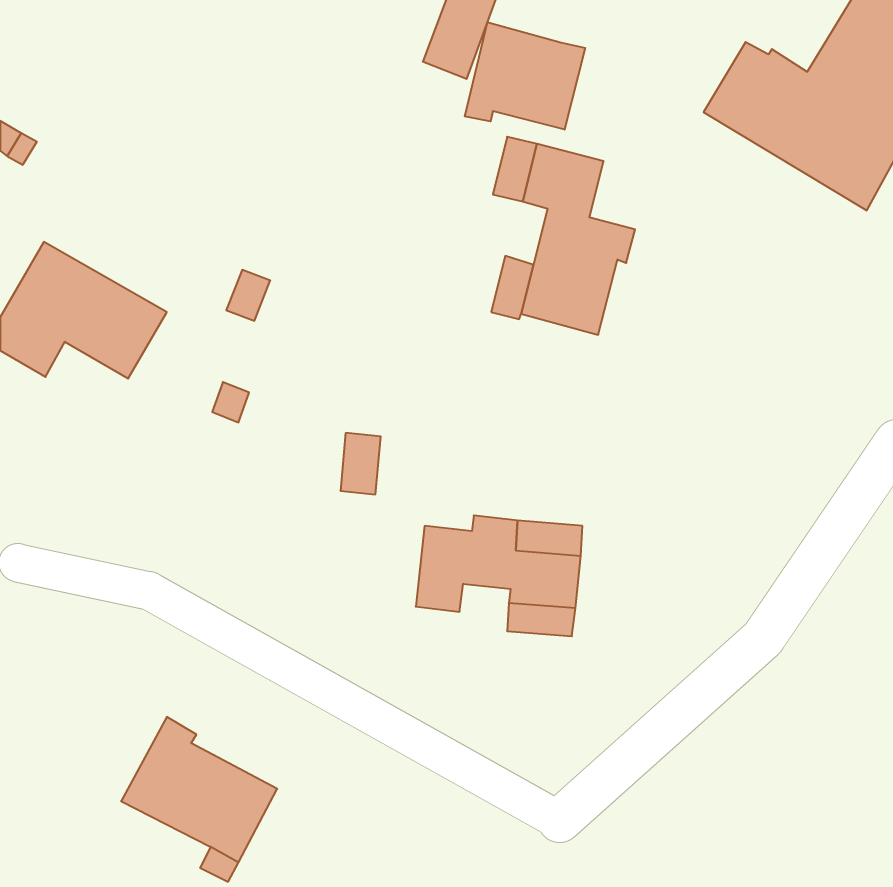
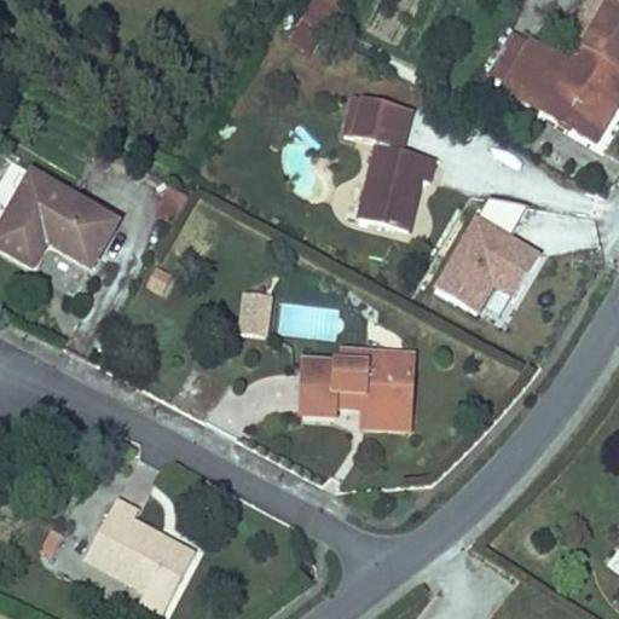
building: [465,22,585,130] -> none
building: none -> [438,187,548,325]

